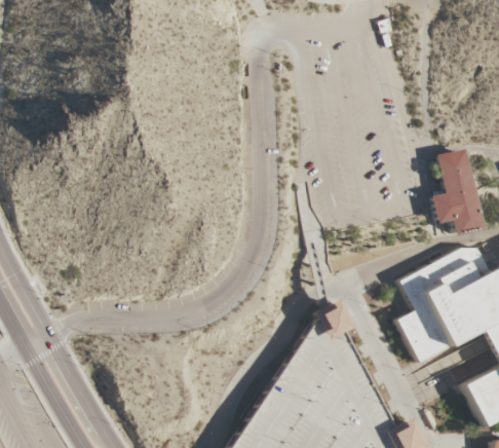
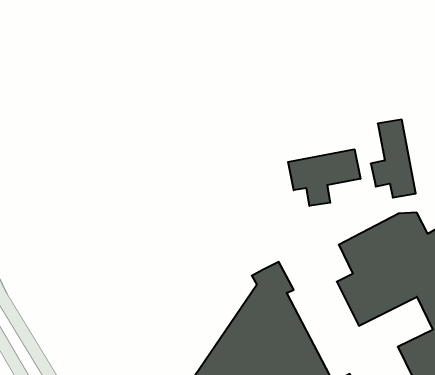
building: none -> [288,149,360,206]

